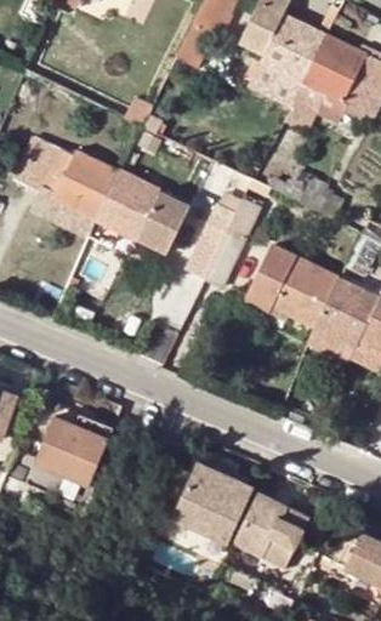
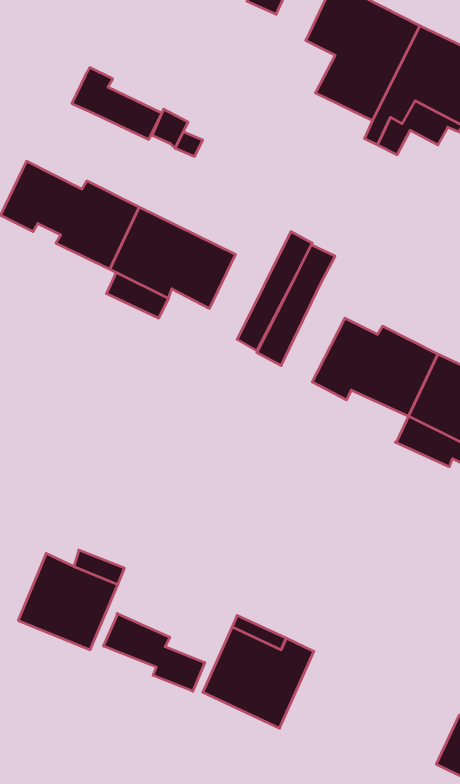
building: [29,180,96,233] -> [72,68,162,139]
building: none -> [104,613,205,691]
building: [227,502,300,575] -> none

